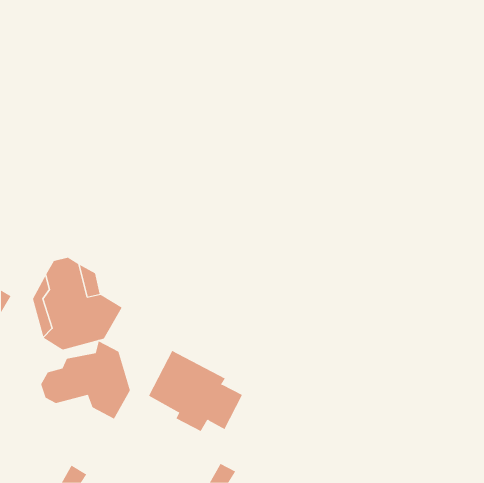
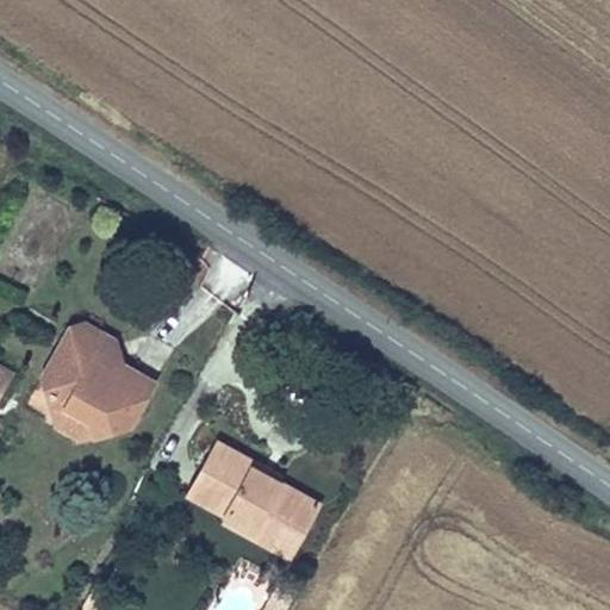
building: [41,340,131,419] -> none
building: none -> [254,496,322,562]

